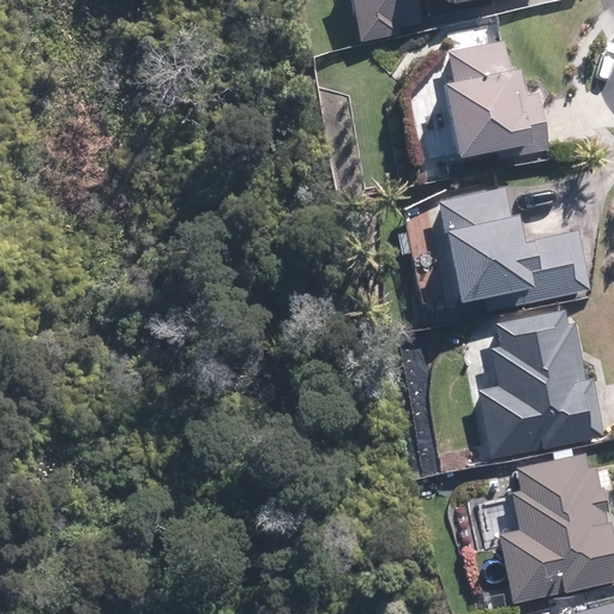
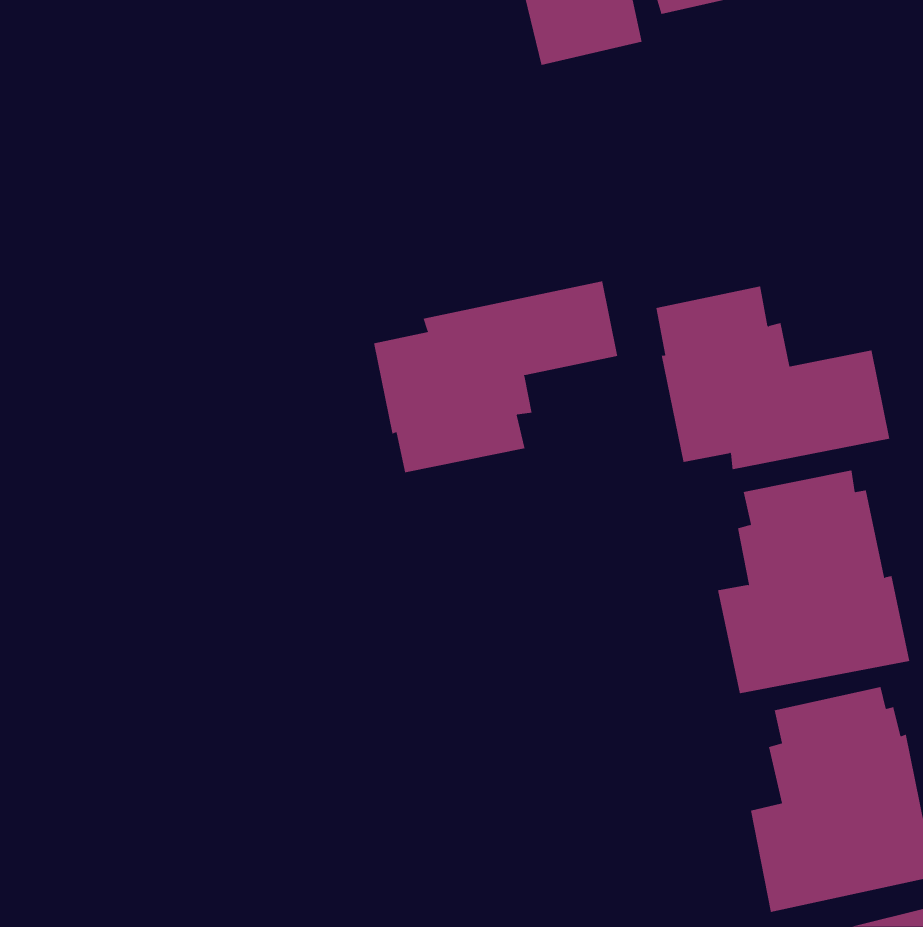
building: [440,41,550,161] -> none
building: none -> [374,280,618,473]

